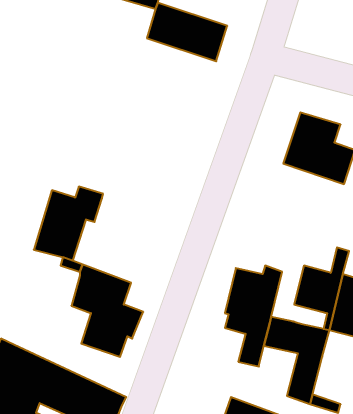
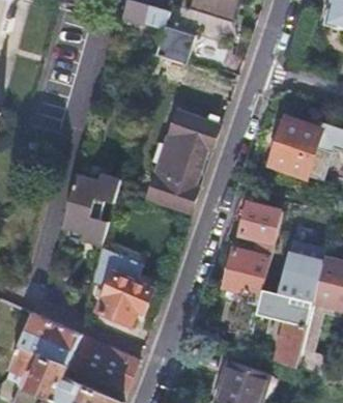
building: none -> [148,109,221,211]
building: none -> [240,204,282,254]

